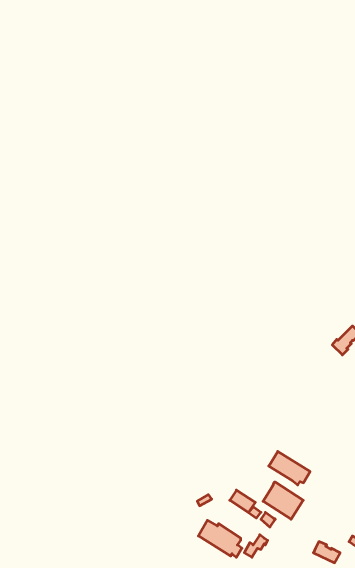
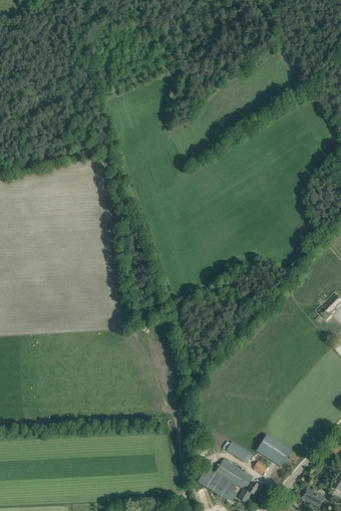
building: [269,451,310,485] -> [216,458,253,488]

